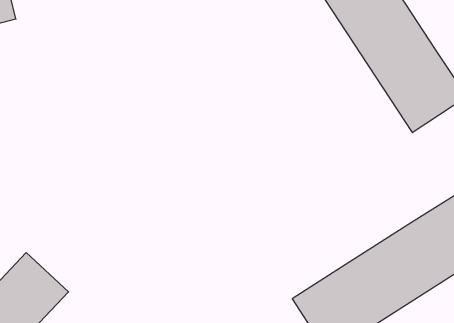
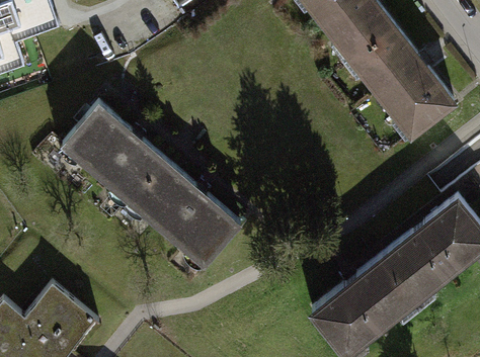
building: none -> [60,101,240,266]

